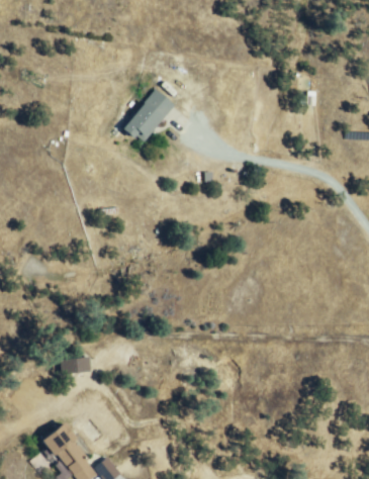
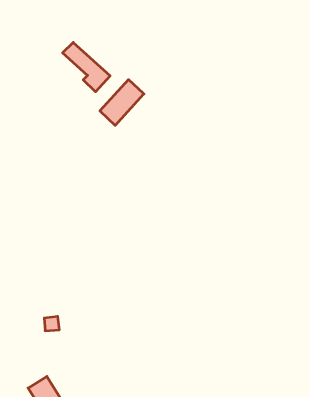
building: none -> [63,42,110,92]

